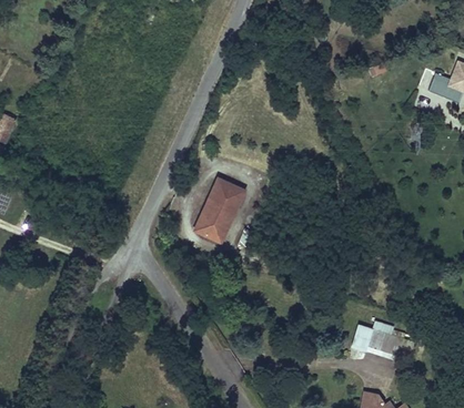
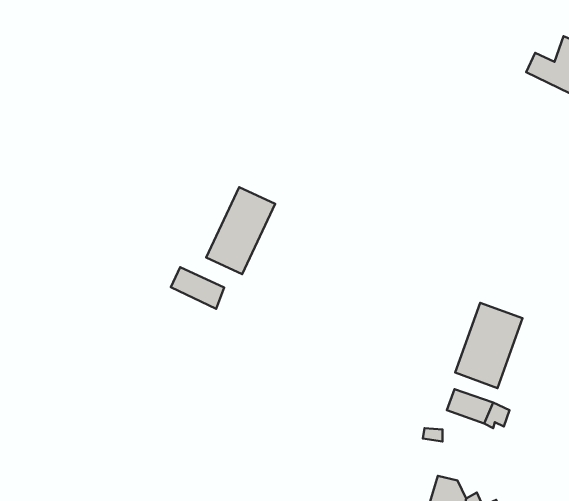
building: none -> [171,267,224,309]
building: none -> [455,303,523,388]

